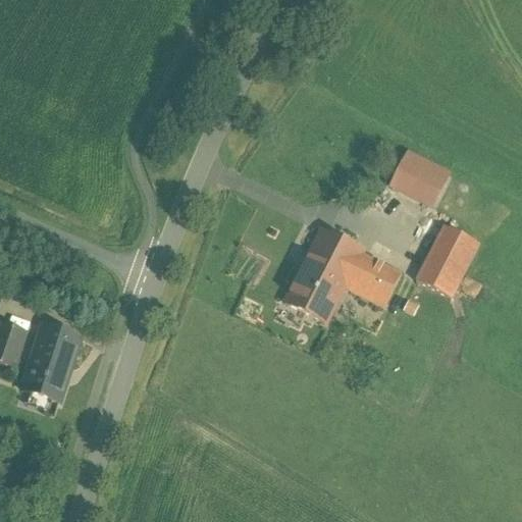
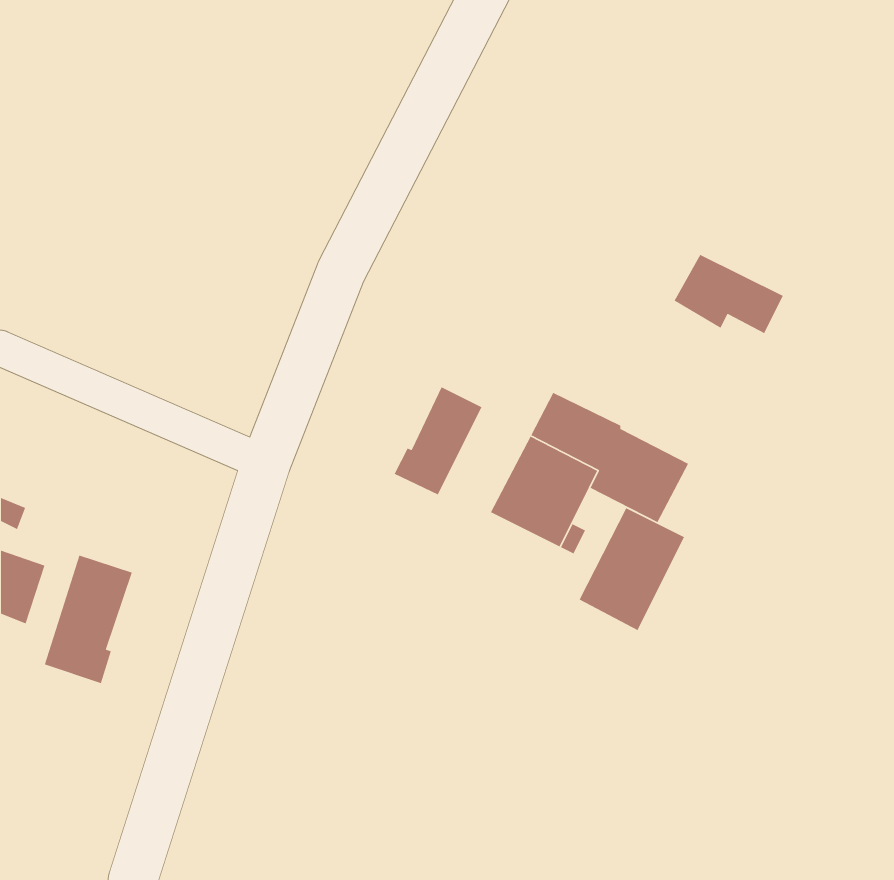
building: [416,223,478,296] -> [578,507,685,631]
building: none -> [394,386,483,496]

